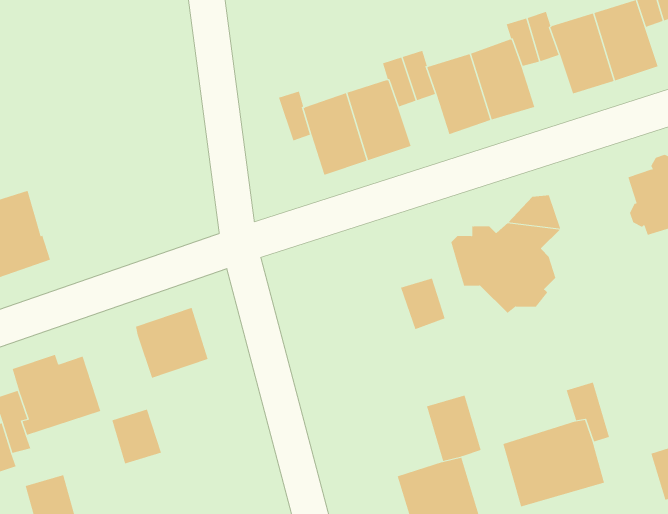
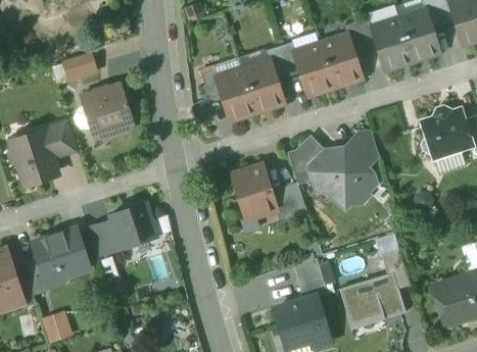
building: none -> [63,52,95,79]
building: none -> [81,85,133,138]
building: none -> [43,121,77,158]
building: none -> [288,139,323,185]
building: none -> [233,165,276,218]
building: [112,409,162,464] -> [89,220,121,255]

